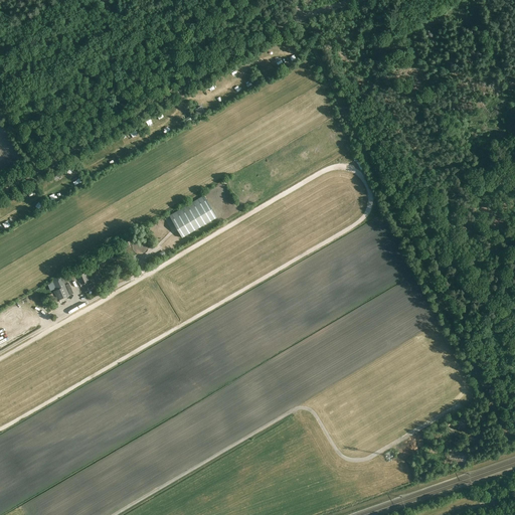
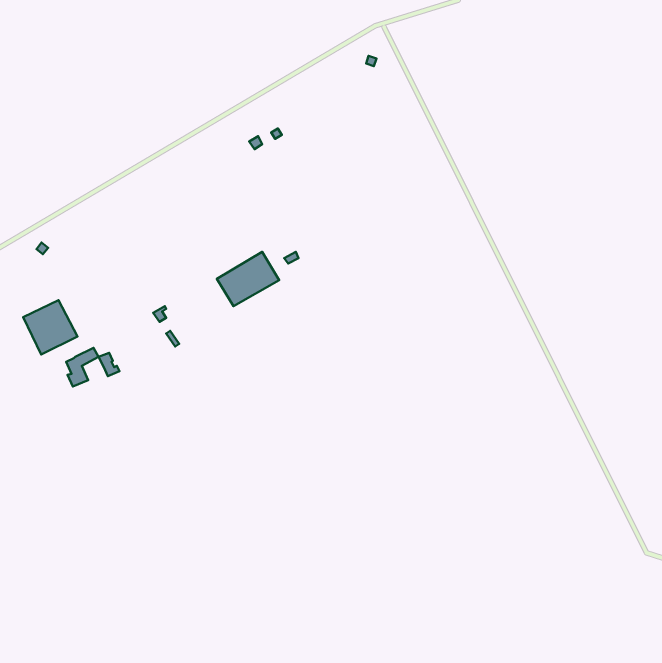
building: none -> [23,300,78,355]

